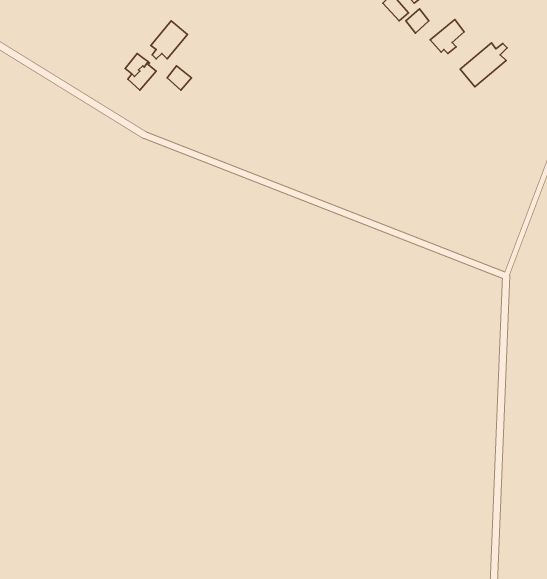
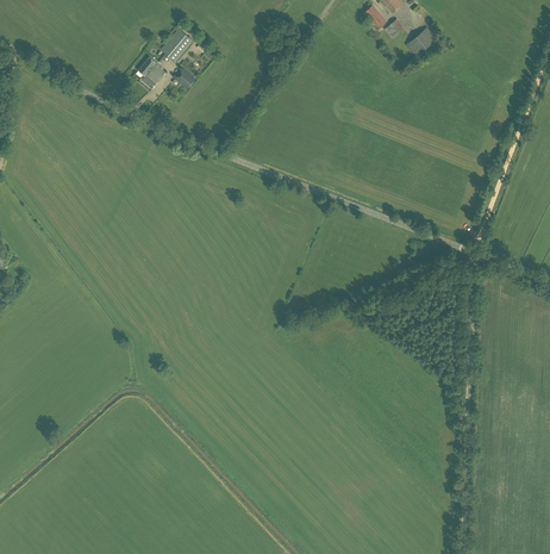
building: [460,43,507,87] -> none

